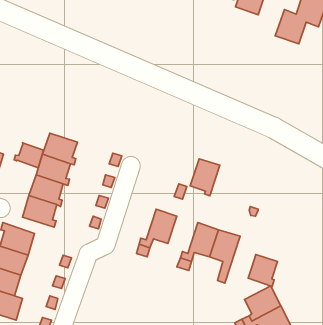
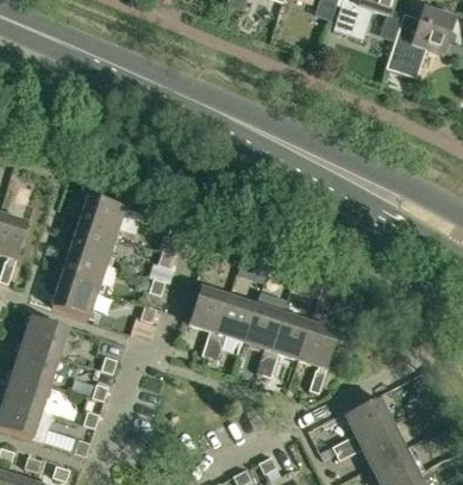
building: [14,143,44,168] -> none
building: [190,159,220,196] -> [244,303,283,352]
building: none -> [189,285,229,334]
building: [248,254,277,286] -> none

